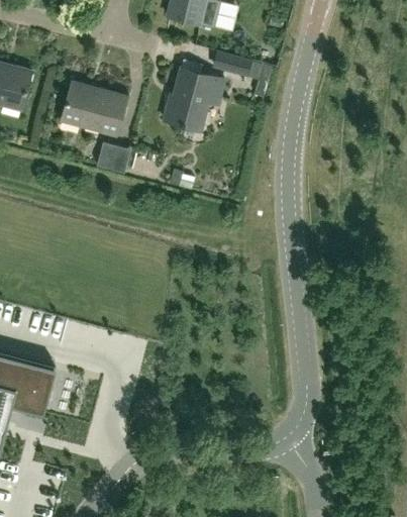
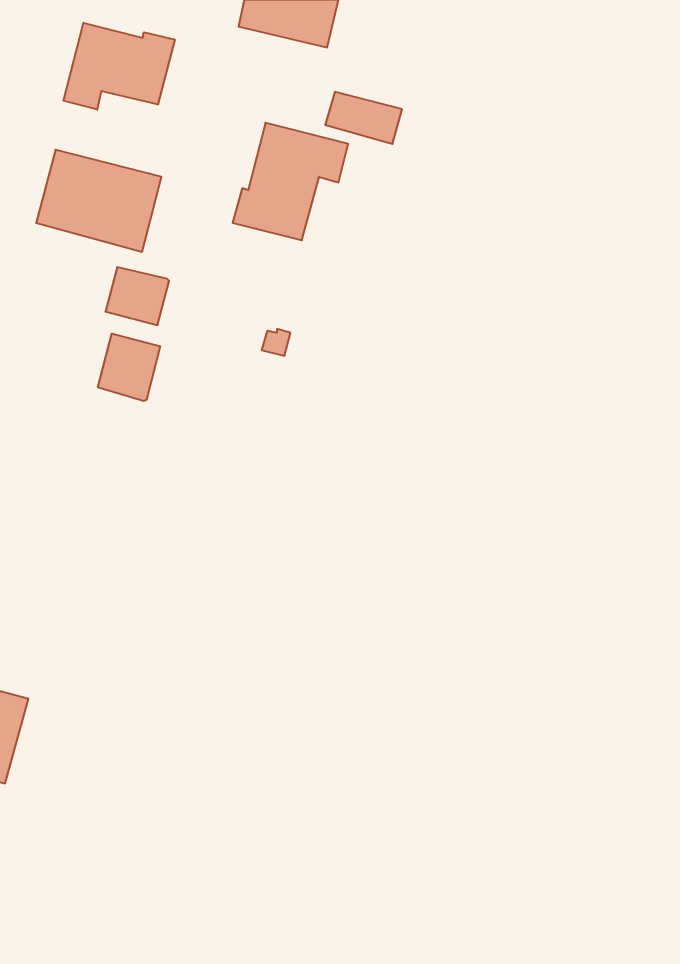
building: none -> [63,23,175,110]
building: none -> [98,334,160,401]

